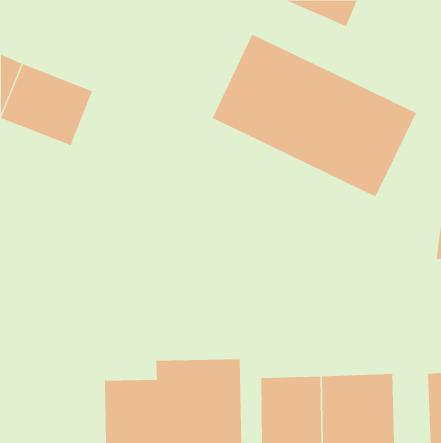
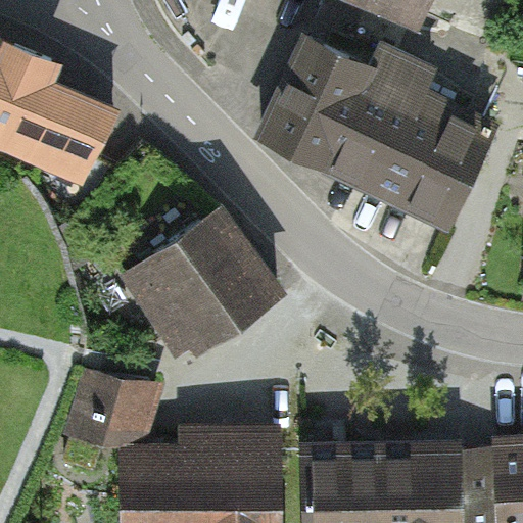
building: none -> [136,206,279,350]
building: none -> [74,372,160,443]

